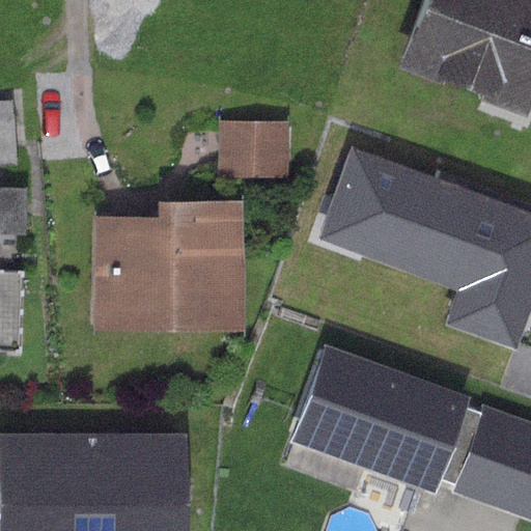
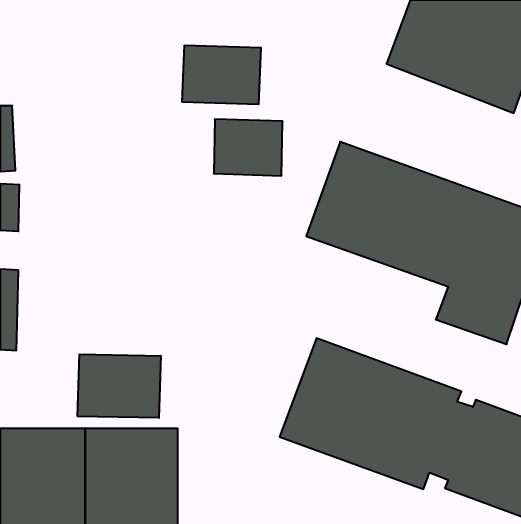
building: none -> [182,45,261,104]
building: [91,199,245,332] -> none
building: none -> [78,354,161,418]

